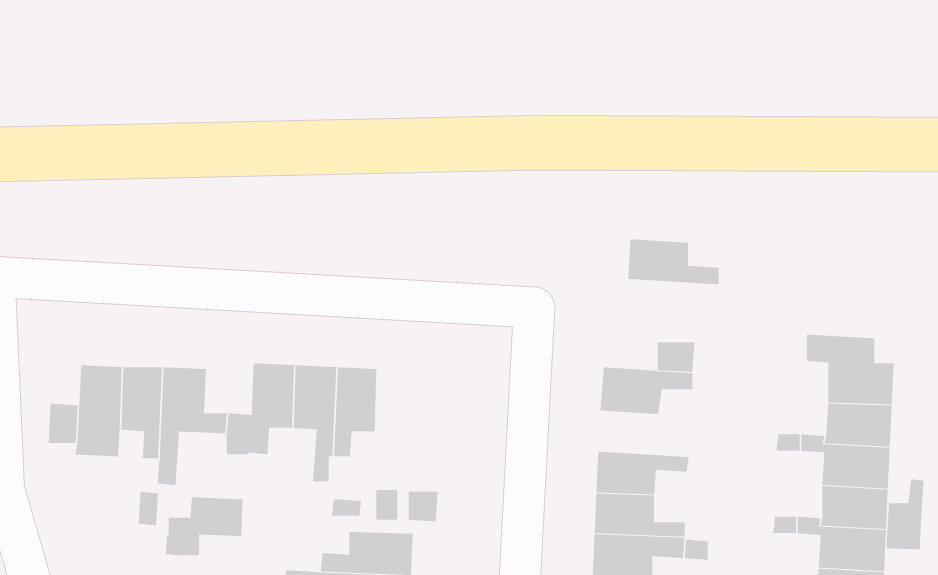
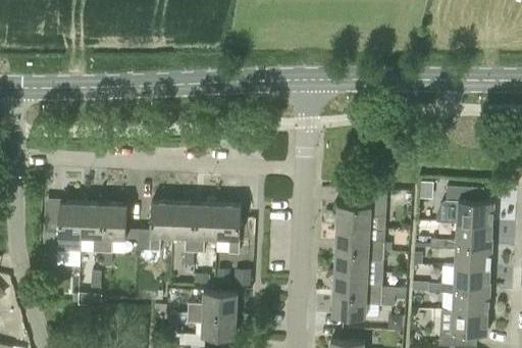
building: [628,239,719,285] -> [334,228,383,252]
building: none -> [216,205,241,255]
building: [886,478,924,550] -> none
building: [165,496,243,556] -> none

